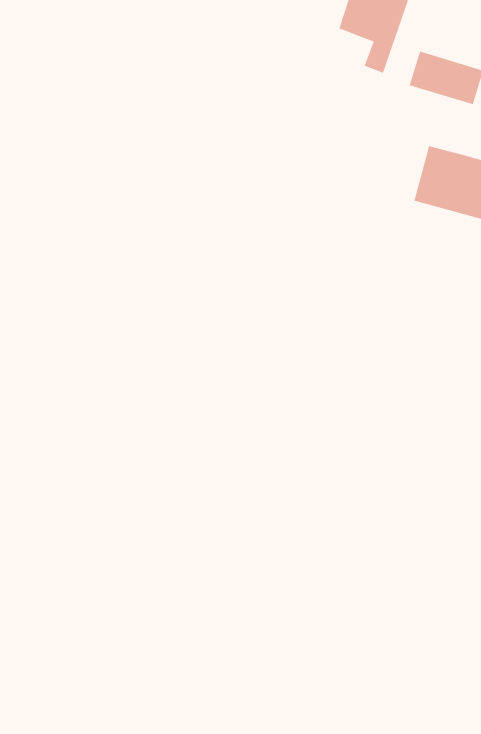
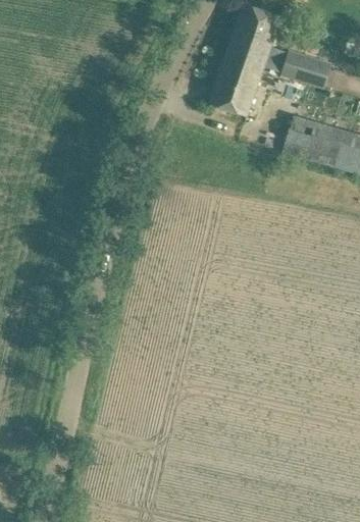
building: none -> [208,37,263,117]

